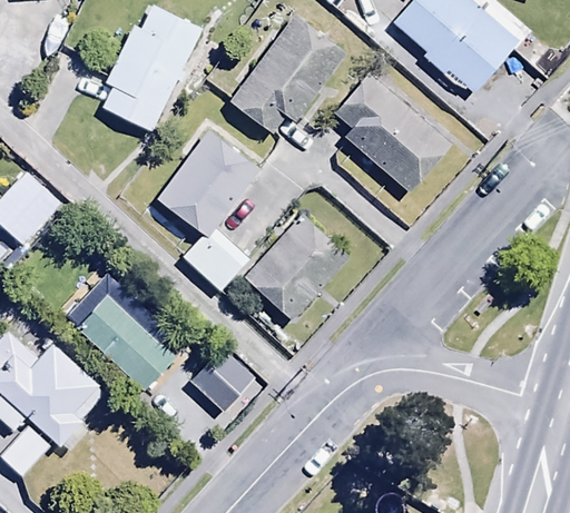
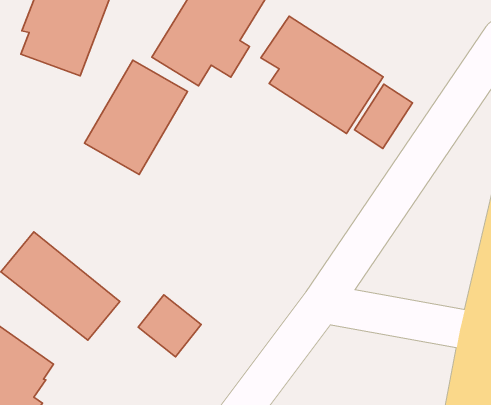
building: none -> [354,84,412,148]
building: [243,214,345,316] -> none
building: [186,224,250,287] -> none

